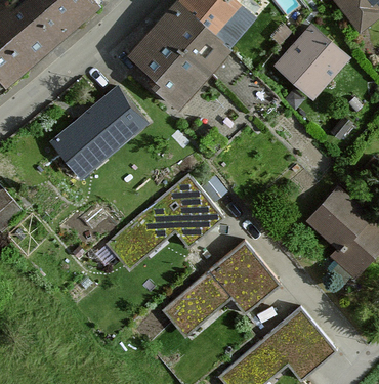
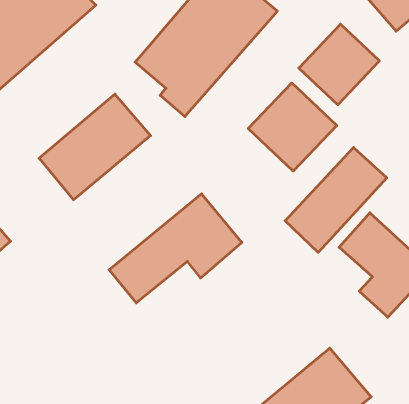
building: none -> [248,83,337,171]
building: none -> [285,147,387,252]
building: [162,242,277,336] -> none

